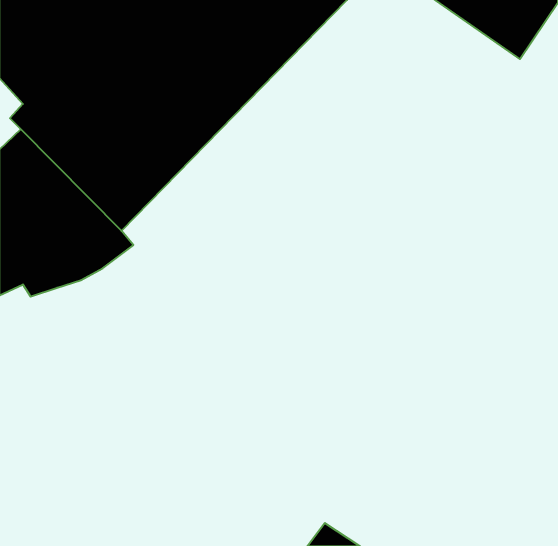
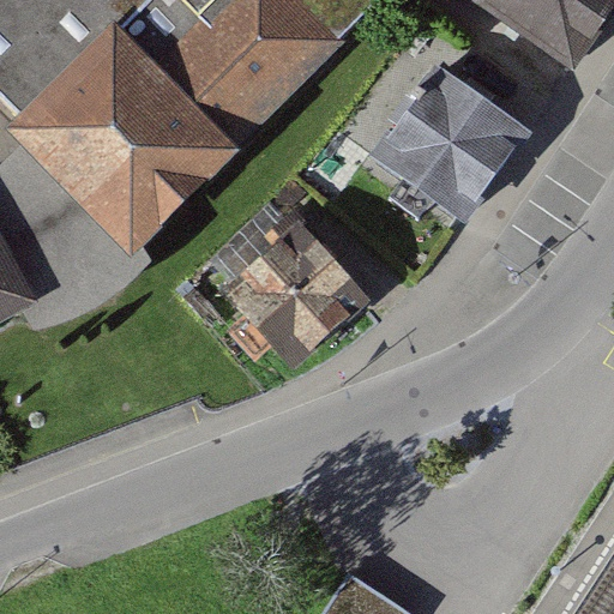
building: none -> [369,62,525,217]
building: none -> [225,219,366,361]

